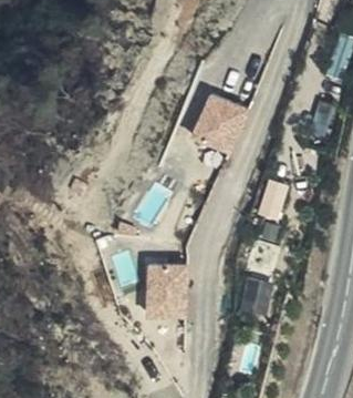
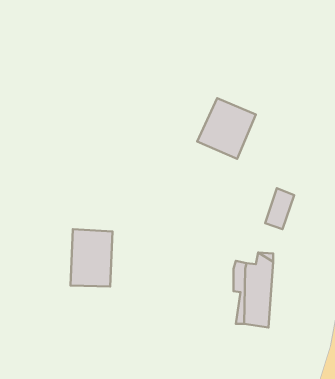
building: [148,262,188,316] -> [71,229,113,287]

